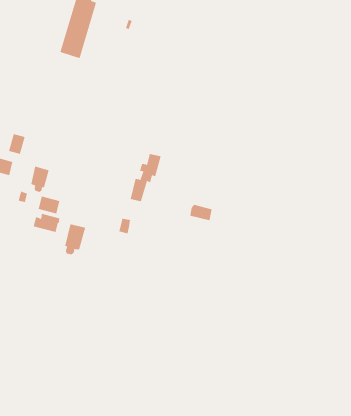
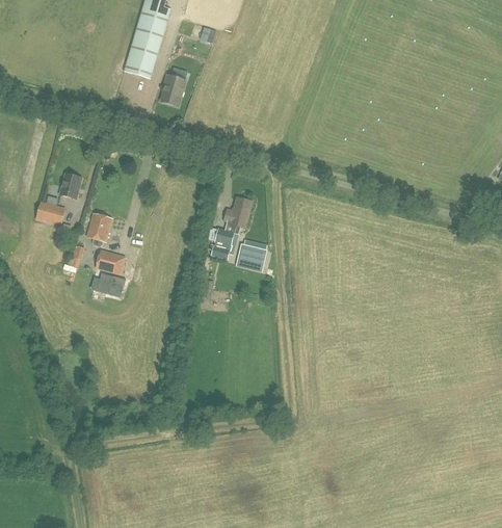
building: none -> [161,74,185,105]
building: [189,204,213,221] -> [237,242,266,263]
building: [64,224,86,255] -> none

